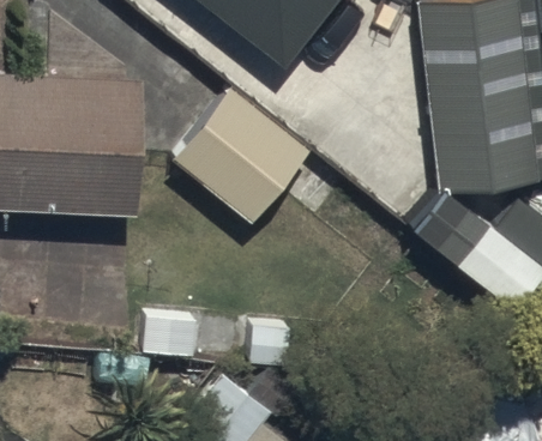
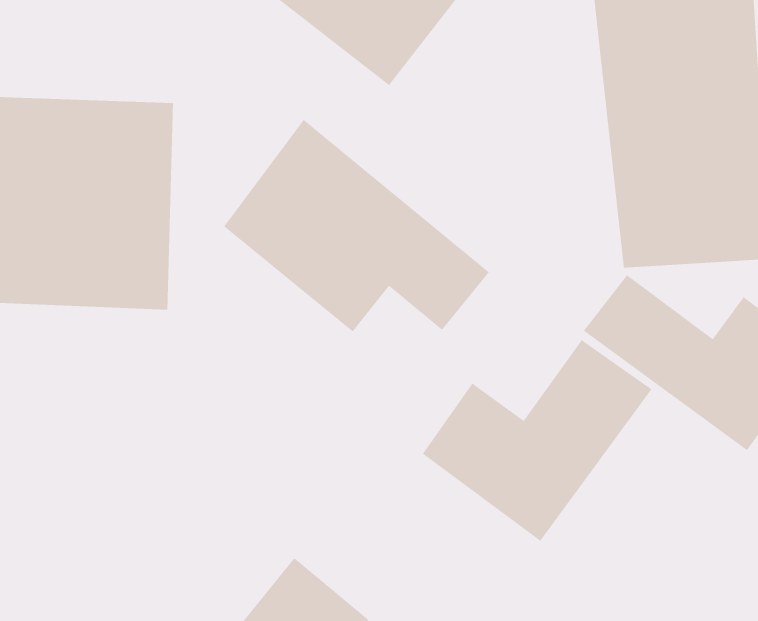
building: none -> [422,339,652,542]

